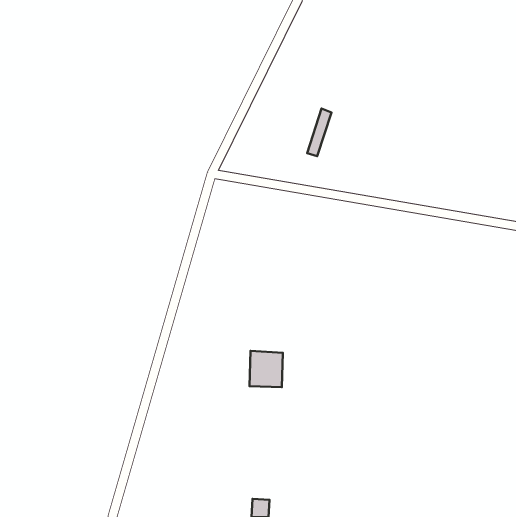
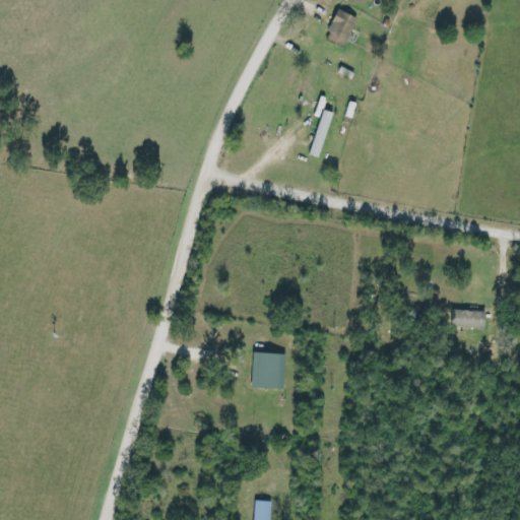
building: none -> [326,9,358,48]
building: none -> [452,310,486,328]

